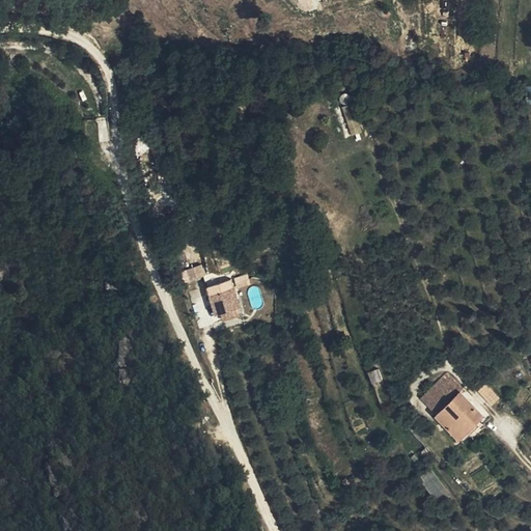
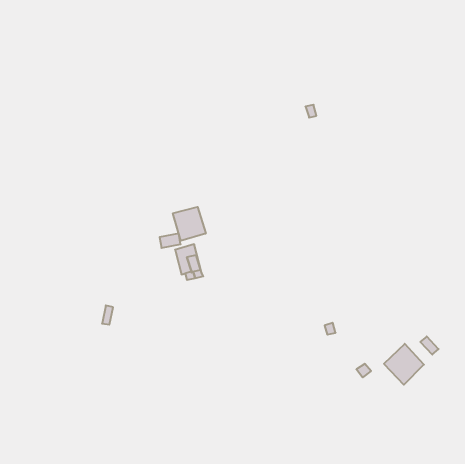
building: none -> [173,207,206,241]
building: [422,373,465,416] -> none

